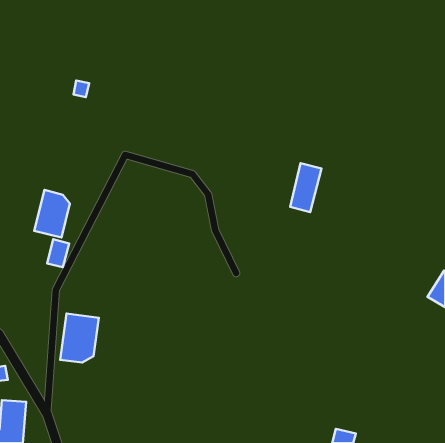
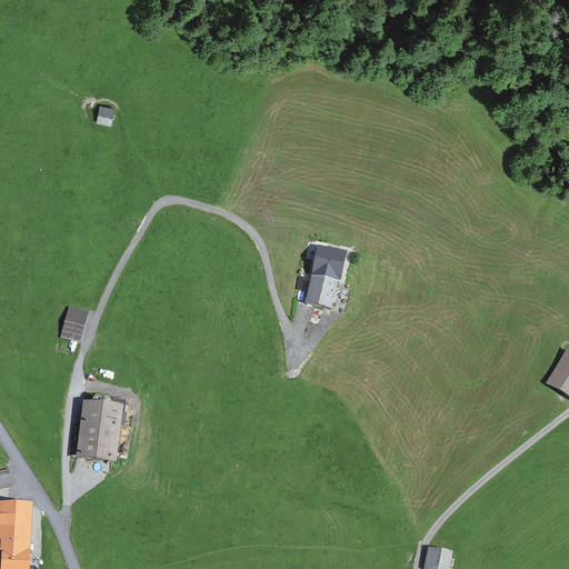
building: [290,163,322,212] -> [306,247,346,309]
building: [34,190,70,237] -> none

